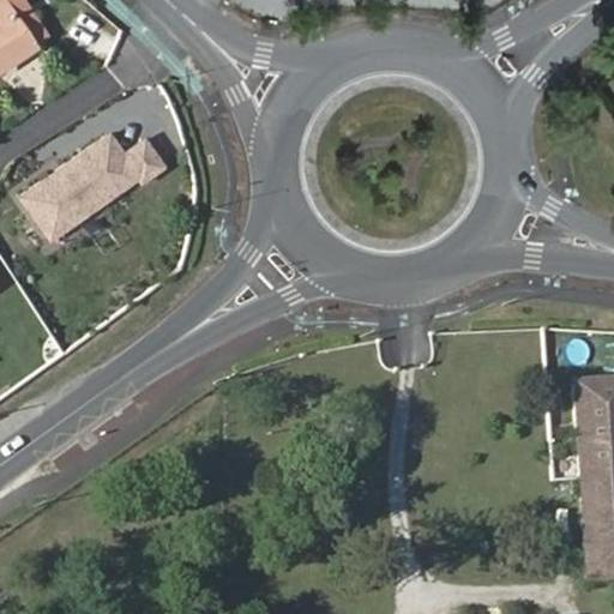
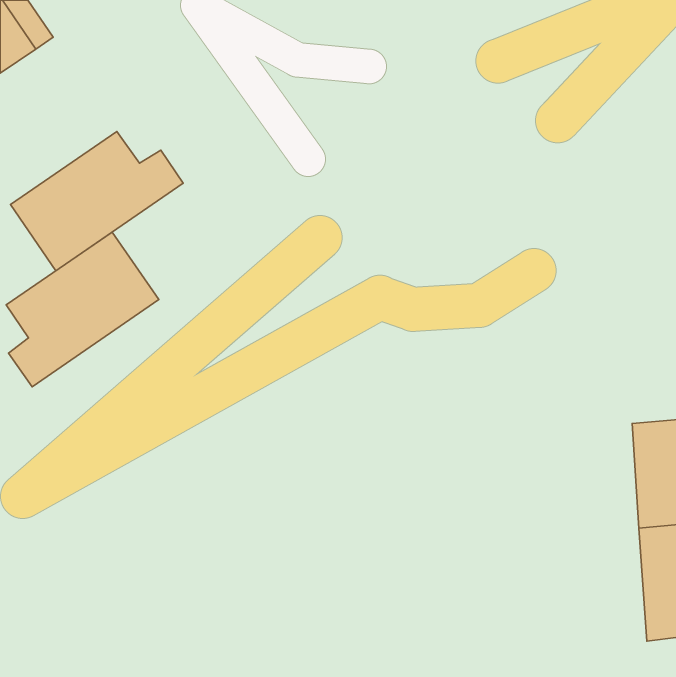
building: none -> [6,232,159,387]

